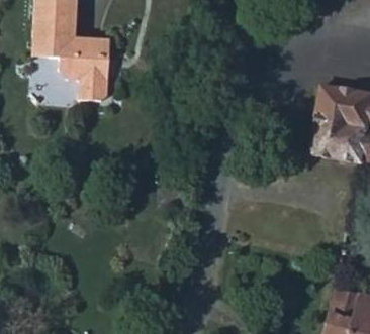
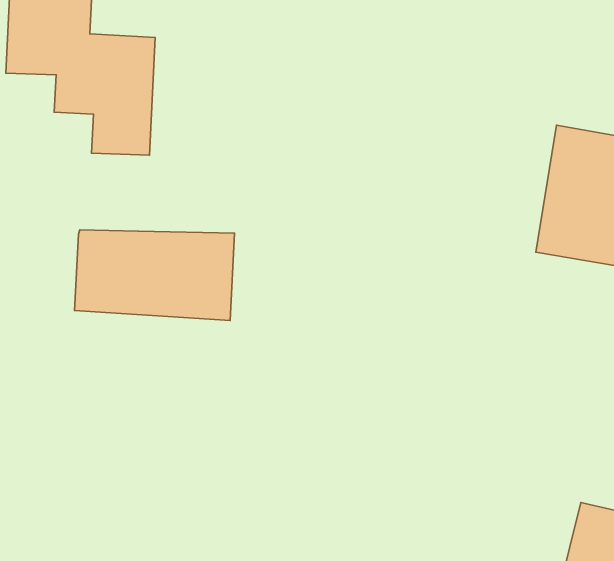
building: none -> [74,230,234,320]

